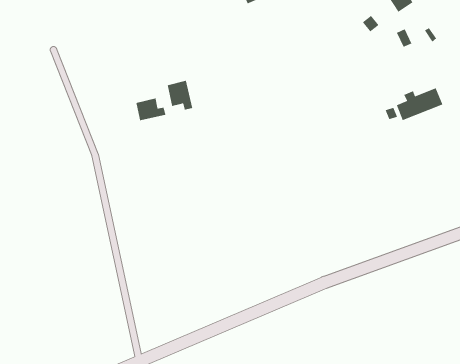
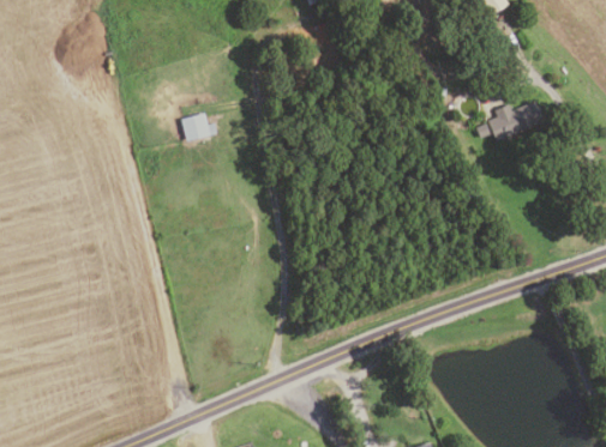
building: [167,80,193,111] -> none

